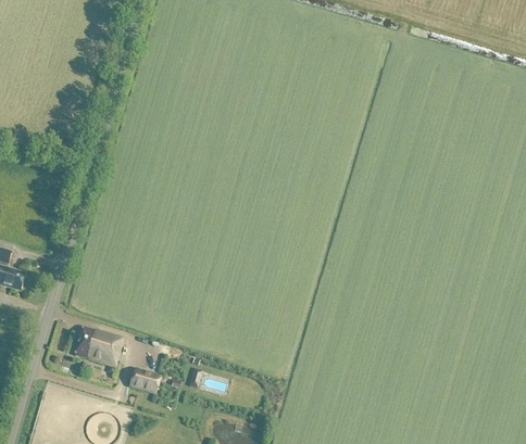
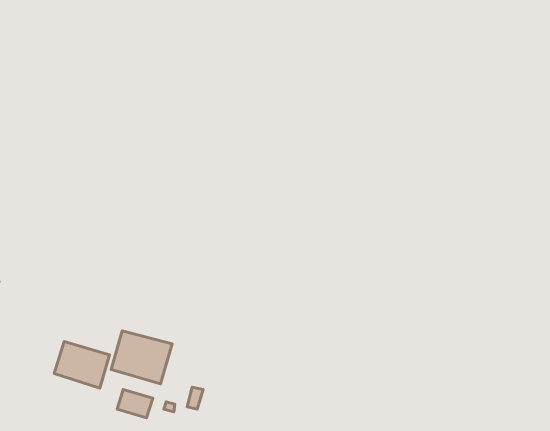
building: none -> [111,331,172,384]

